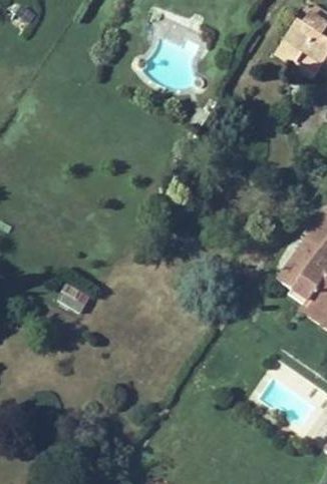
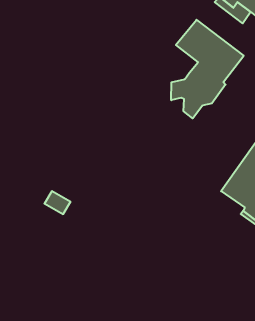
building: none -> [171,20,244,118]

